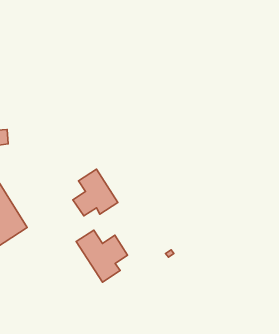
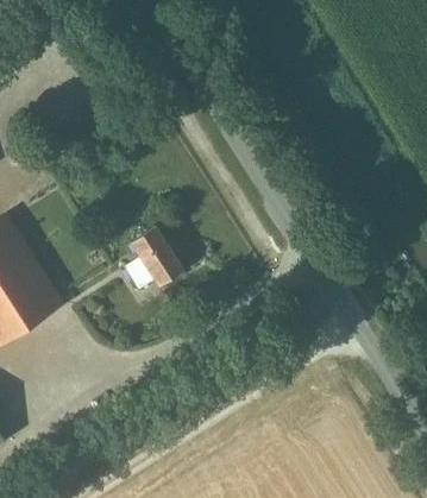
building: [76,230,128,282] -> none

